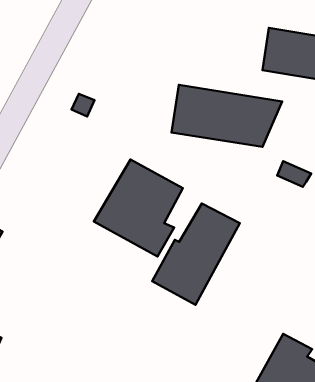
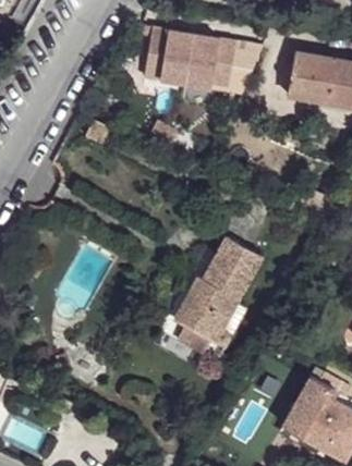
building: [172,85,282,147] -> [145,29,262,95]
building: [94,159,183,256] -> none

